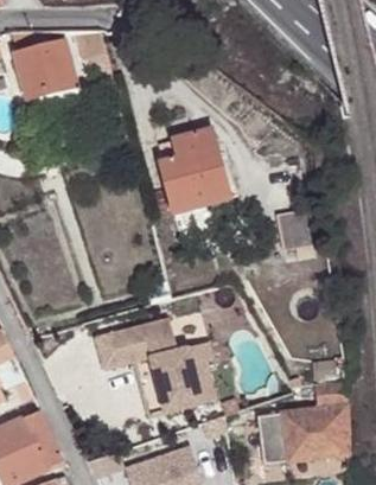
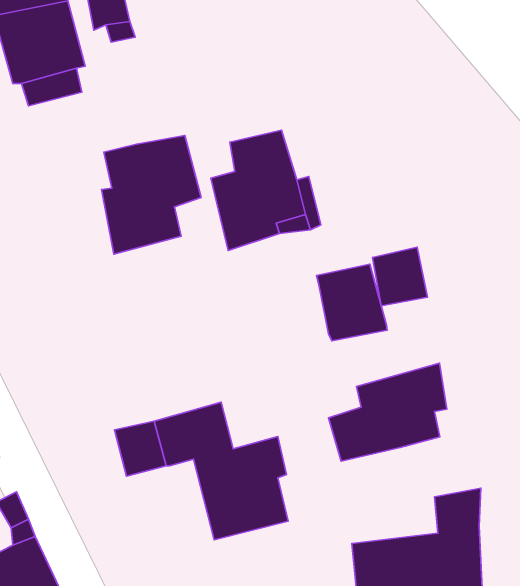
building: none -> [102,136,201,254]
building: none -> [316,264,387,341]
building: none -> [329,363,447,461]

